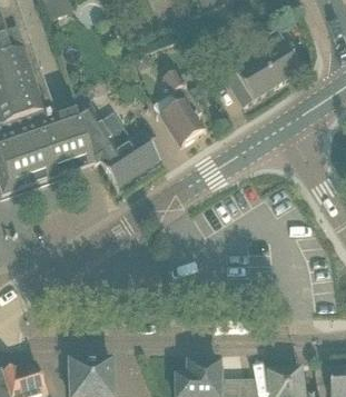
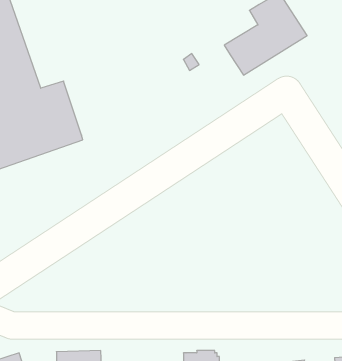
building: [159,70,204,146] -> none
building: [77,100,160,185] -> none

